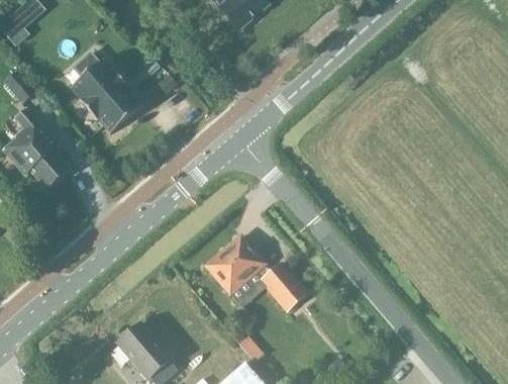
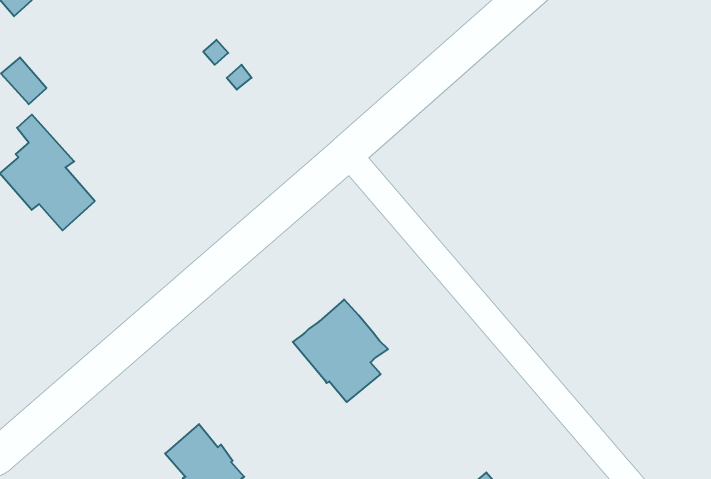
building: [71,52,143,134] -> none
building: [259,263,307,312] -> none

